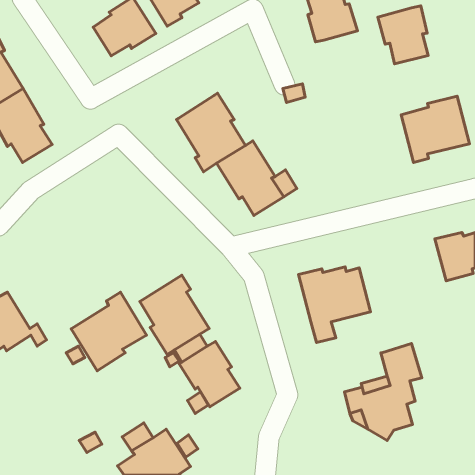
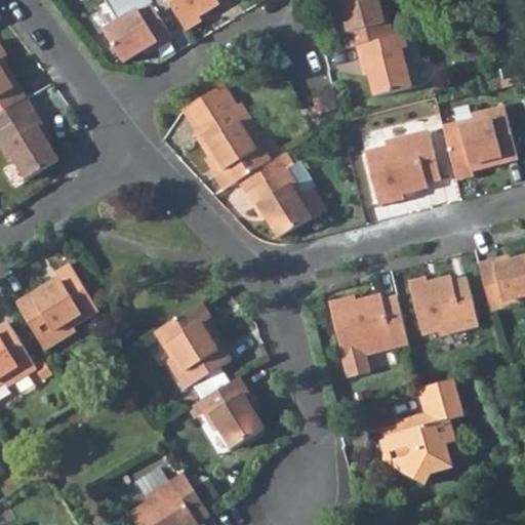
building: [378,6,428,64] -> [356,32,411,95]
building: none -> [183,84,236,130]
building: none -> [363,129,438,203]
building: none -> [407,276,478,334]
building: [71,292,147,371] -> [15,264,98,350]

